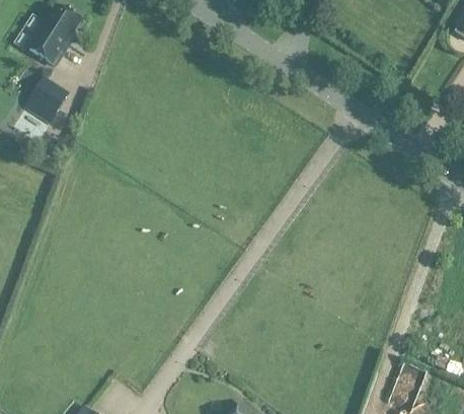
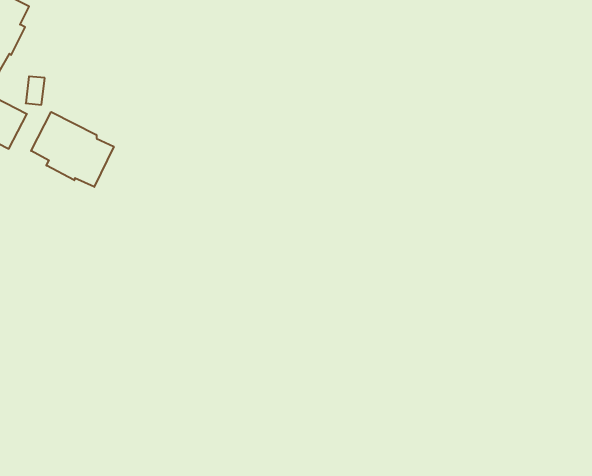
building: none -> [31,112,114,187]

